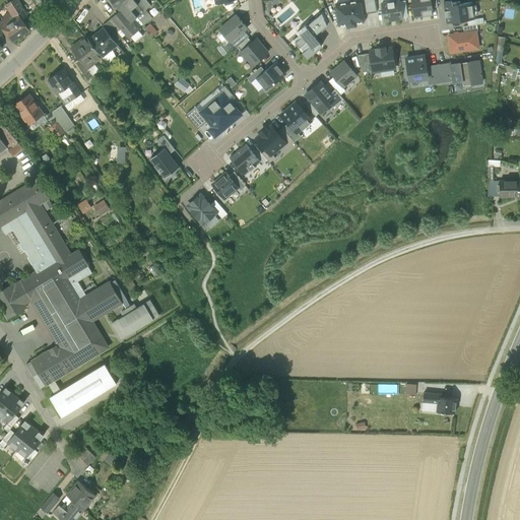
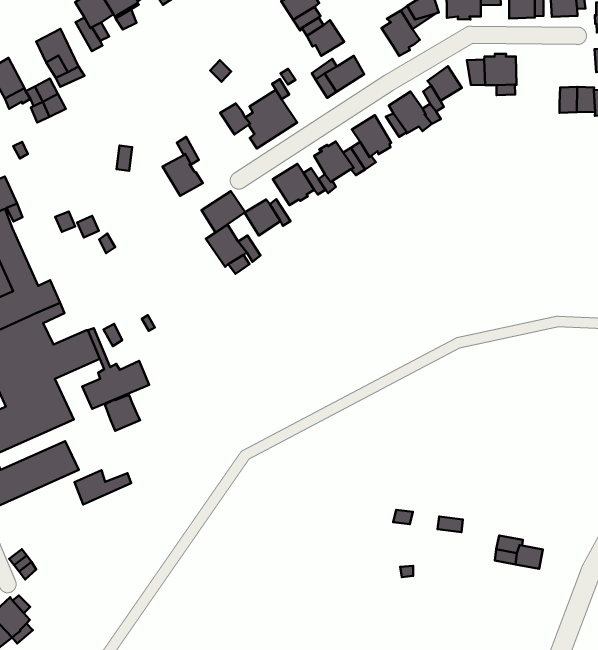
building: [405,56,427,80] -> none
building: none -> [202,191,245,232]
building: none -> [105,395,140,431]
building: none -> [74,470,131,504]

